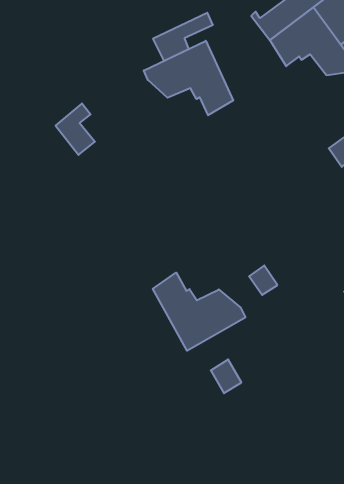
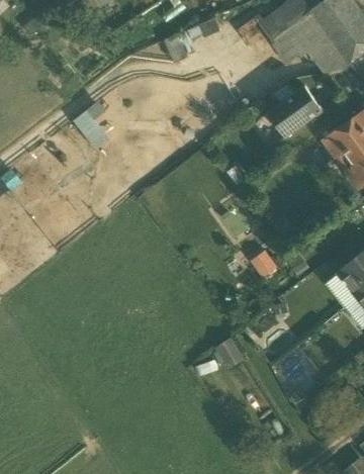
building: [144,41,233,115] -> none
building: none -> [267,86,325,137]
building: [153,273,245,351] -> none

